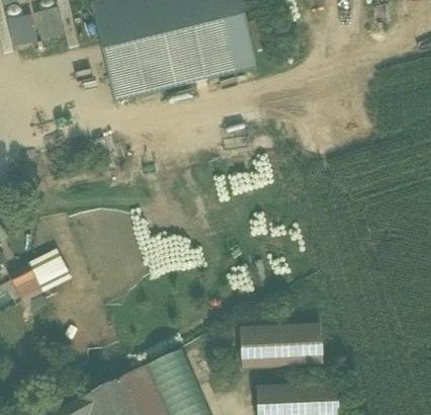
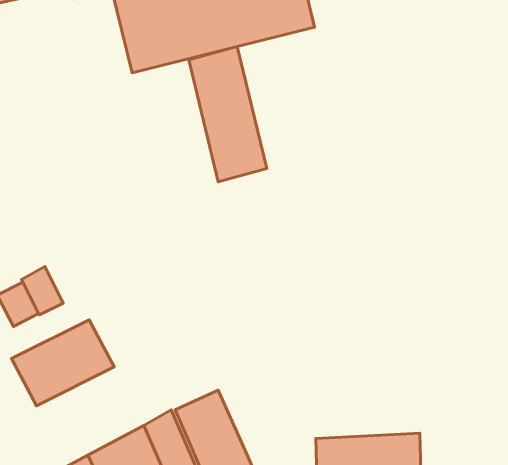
building: none -> [189,47,267,182]
building: none -> [12,320,114,406]
building: [240,322,323,366] -> none

